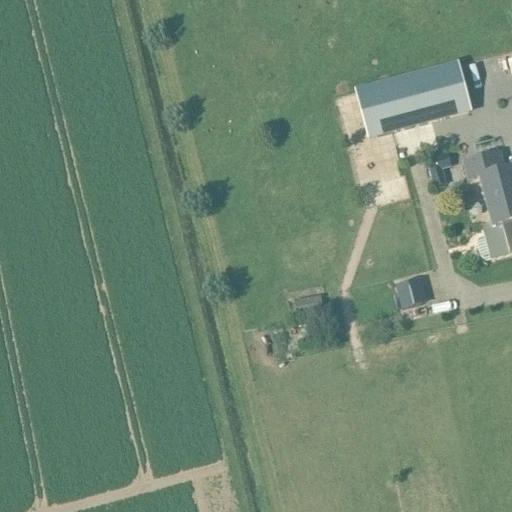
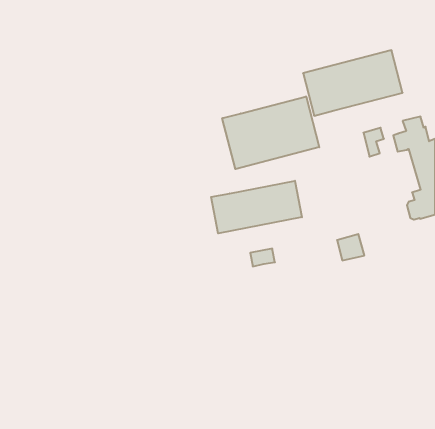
building: none -> [222,96,319,169]
building: none -> [211,181,302,233]

